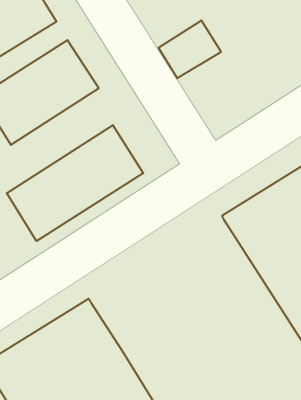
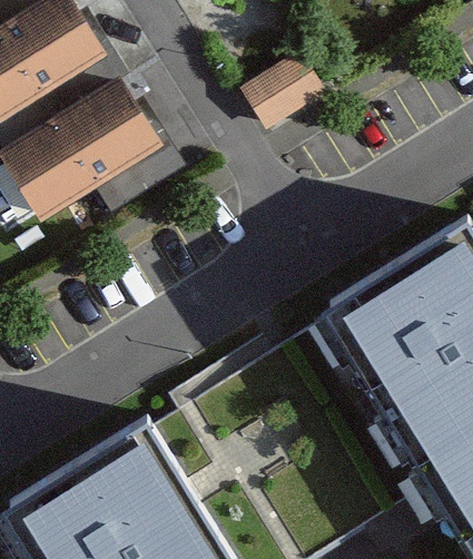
building: [7,125,143,241] -> none

